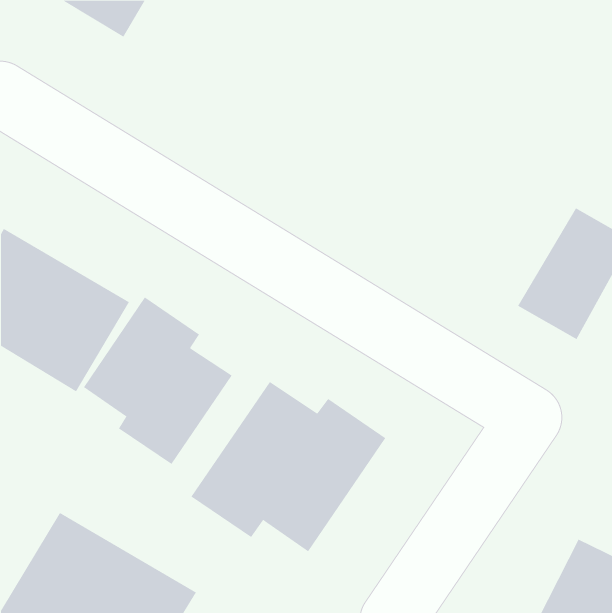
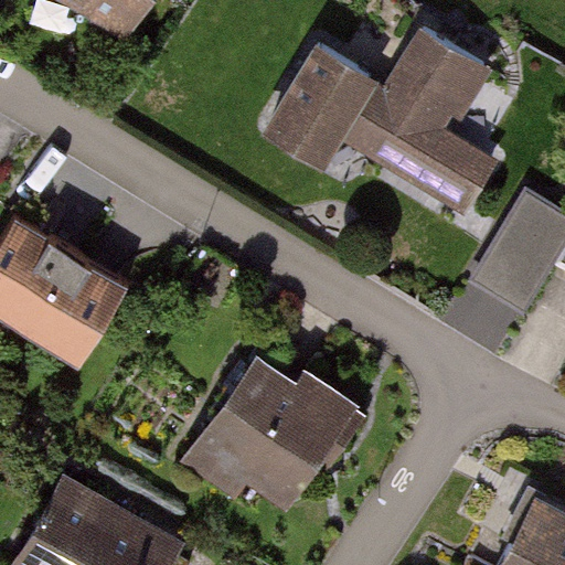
building: none -> [254,35,509,218]
building: [83,297,232,465] -> none

